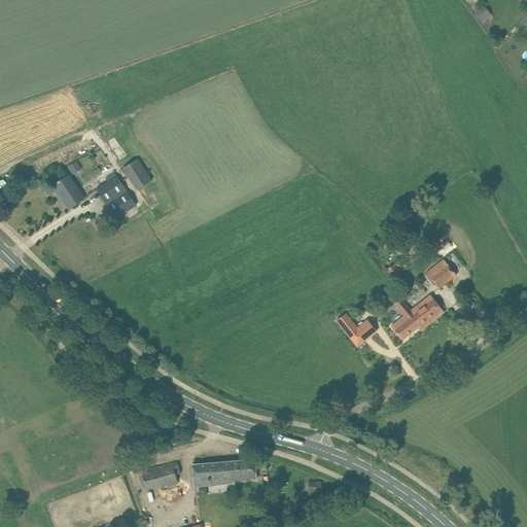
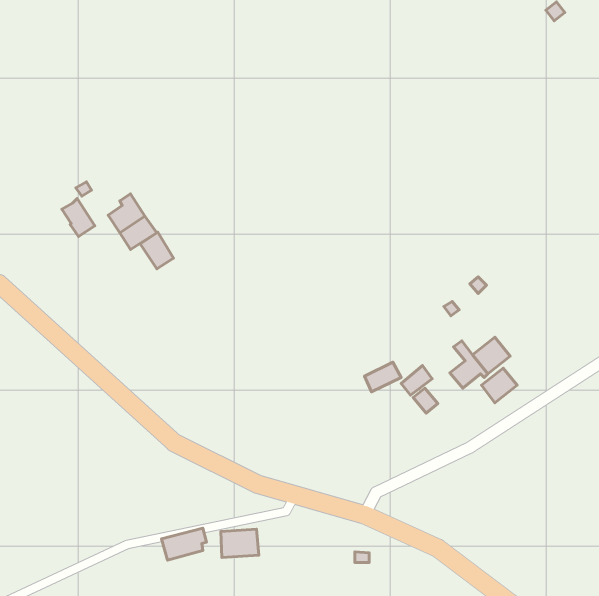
building: [122,157,151,189] -> [140,232,173,269]
building: [426,258,456,288] -> none
building: none -> [482,368,517,403]
building: [223,459,256,485] -> none

